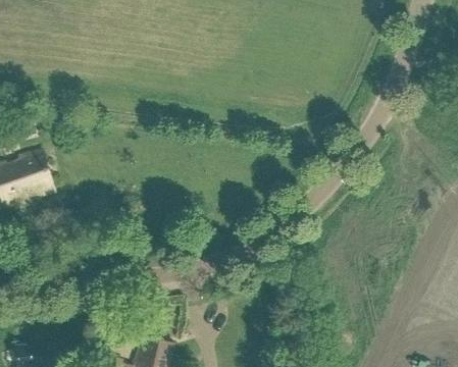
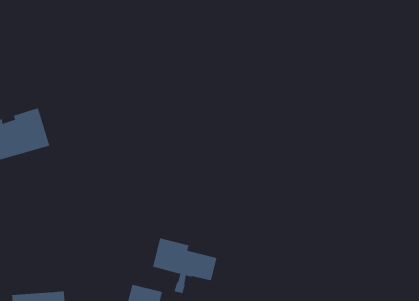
building: none -> [152,237,217,294]

